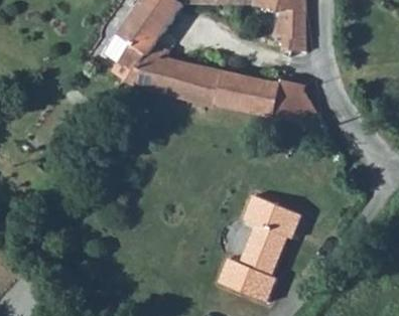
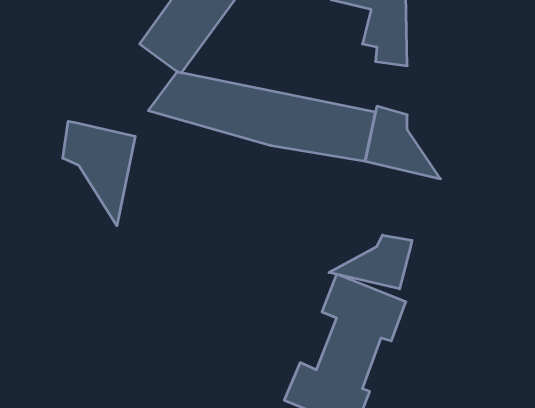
building: none -> [63,121,135,226]
building: none -> [329,235,412,289]

